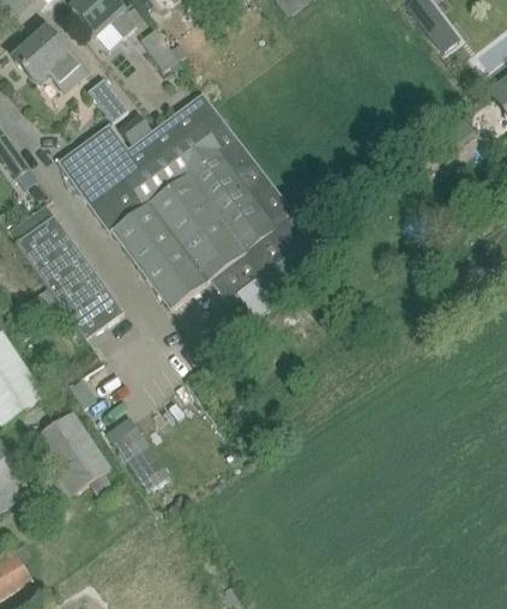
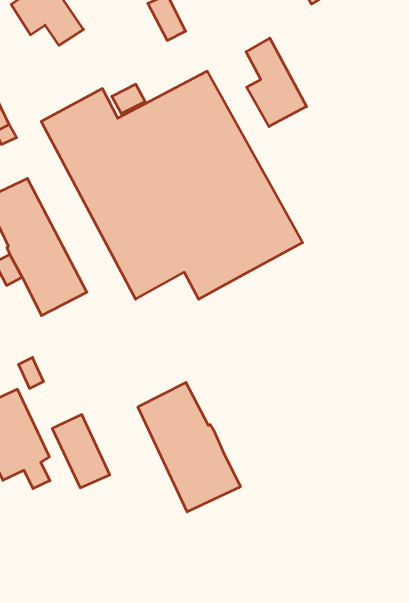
building: none -> [246,38,307,127]
building: [87,78,128,122] -> none
building: none -> [138,382,240,512]

